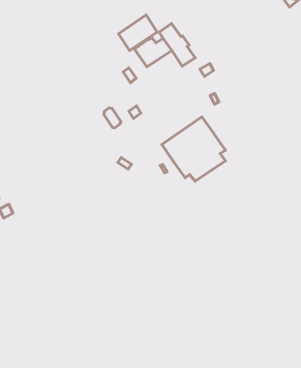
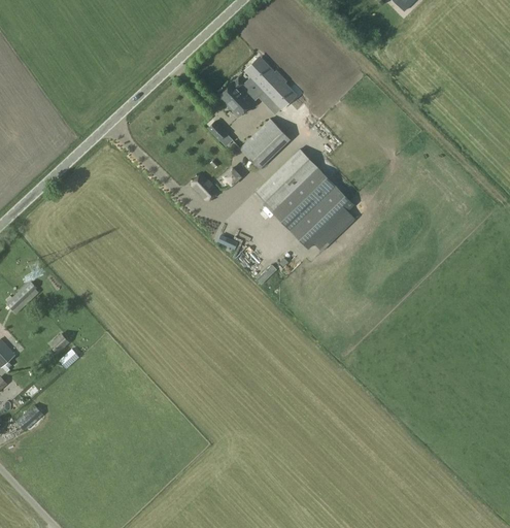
building: [118,15,157,51] -> [240,119,288,167]
building: none -> [254,150,317,211]

